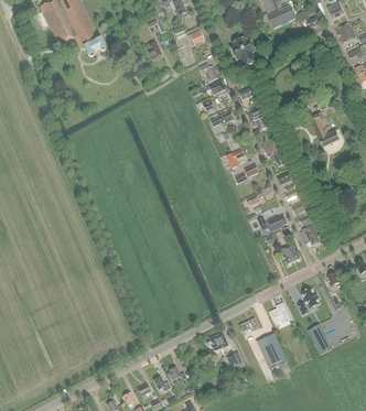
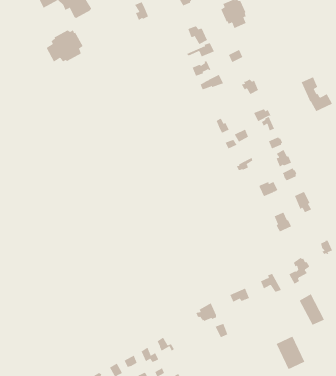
building: none -> [46,29,83,63]
building: [256,333,284,366] -> [276,336,305,370]

